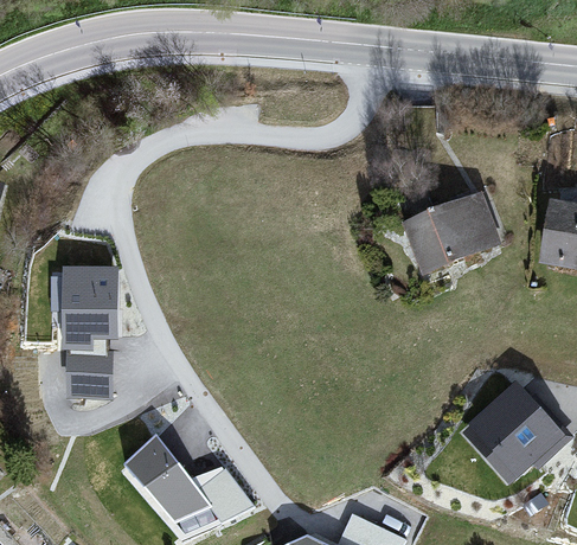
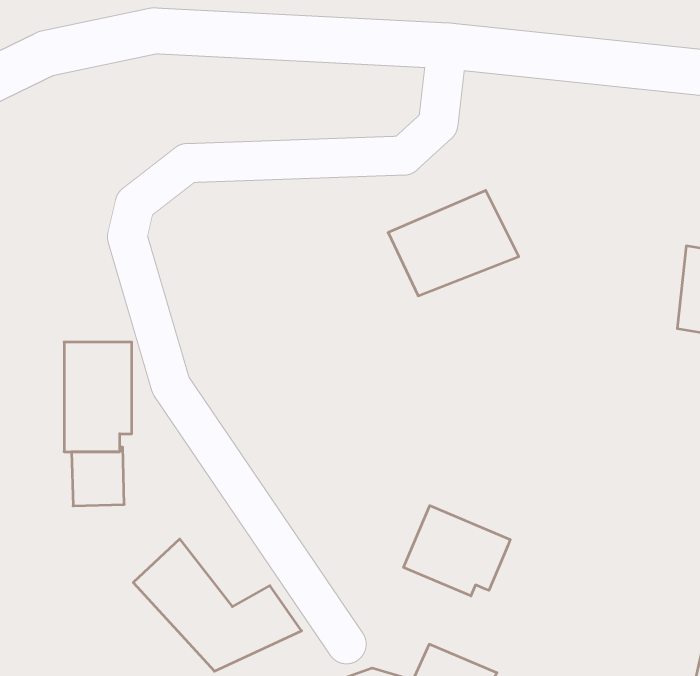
building: [399,193,502,276] -> [388,190,519,296]
building: [468,392,559,483] -> none
building: none -> [404,506,510,596]

